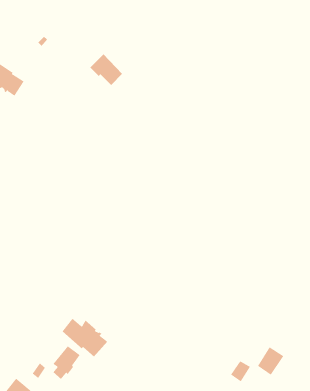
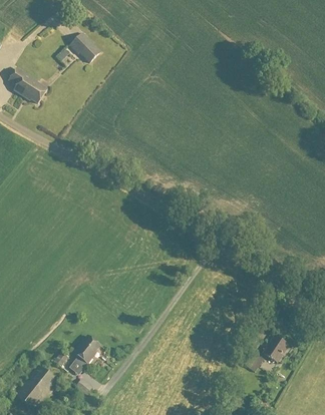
building: [90,53,123,86] -> [68,32,99,62]
building: [62,318,108,358] -> none

